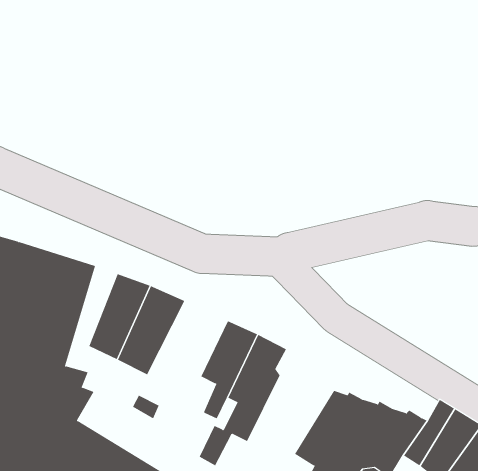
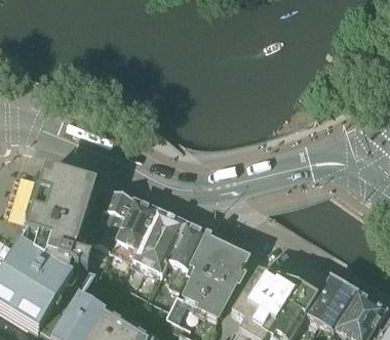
building: none -> [132,209,187,273]
building: none -> [199,242,251,317]

